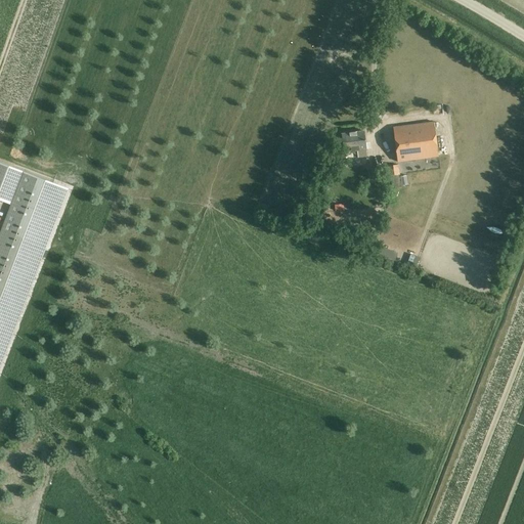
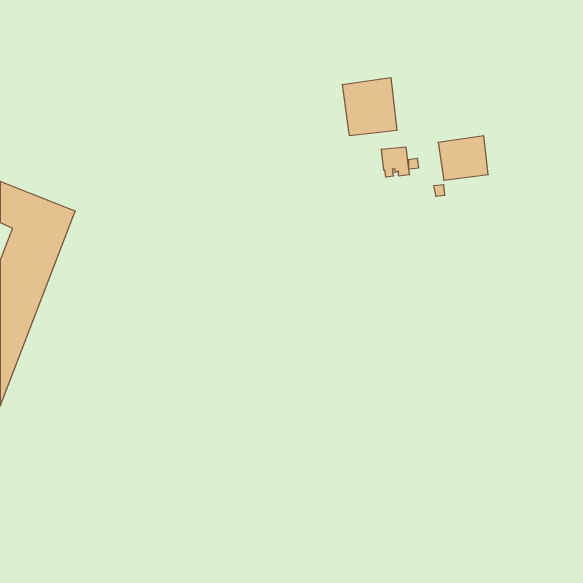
building: none -> [342,78,397,136]

